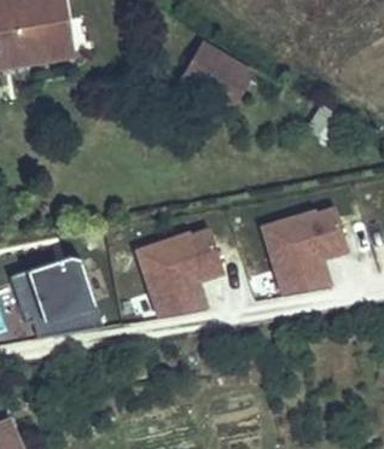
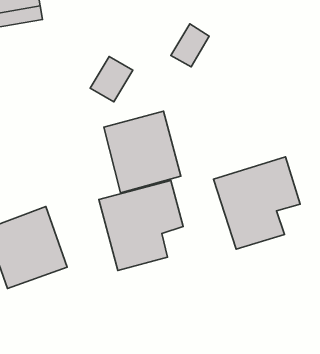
building: [185,45,231,93] -> [90,57,133,102]
building: none -> [104,111,181,193]

